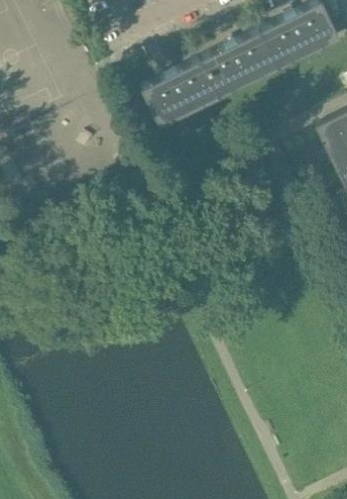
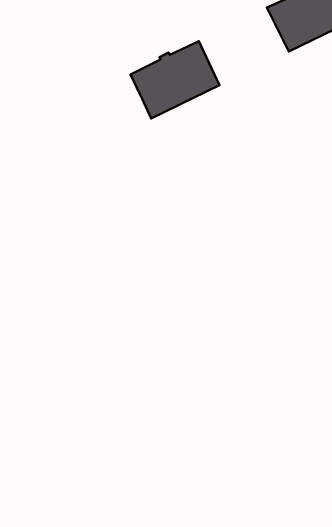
building: [198,30,276,98] -> none

